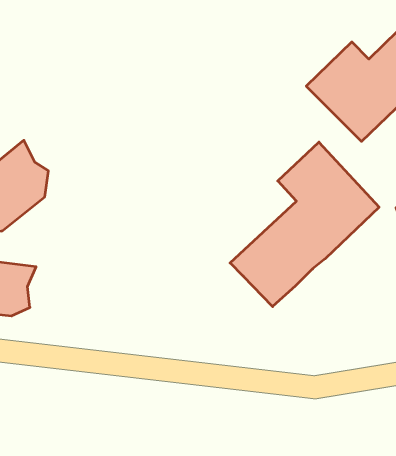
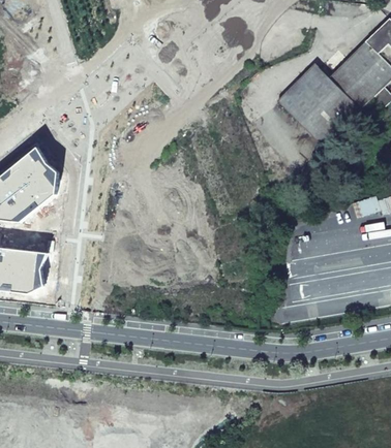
building: [230,142,379,307] -> none

